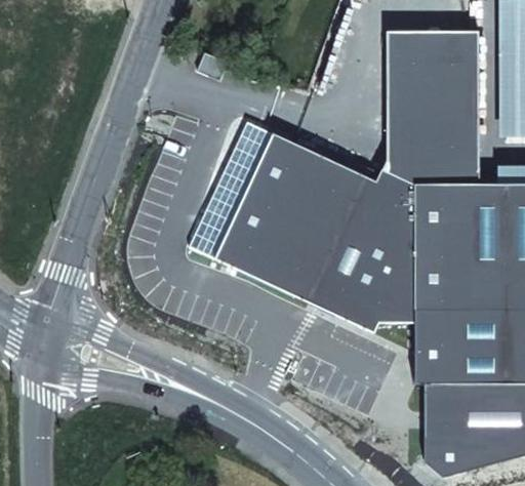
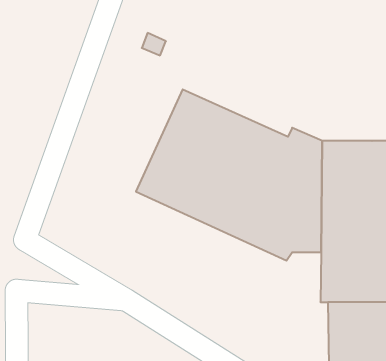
building: [382,29,481,185] -> none

